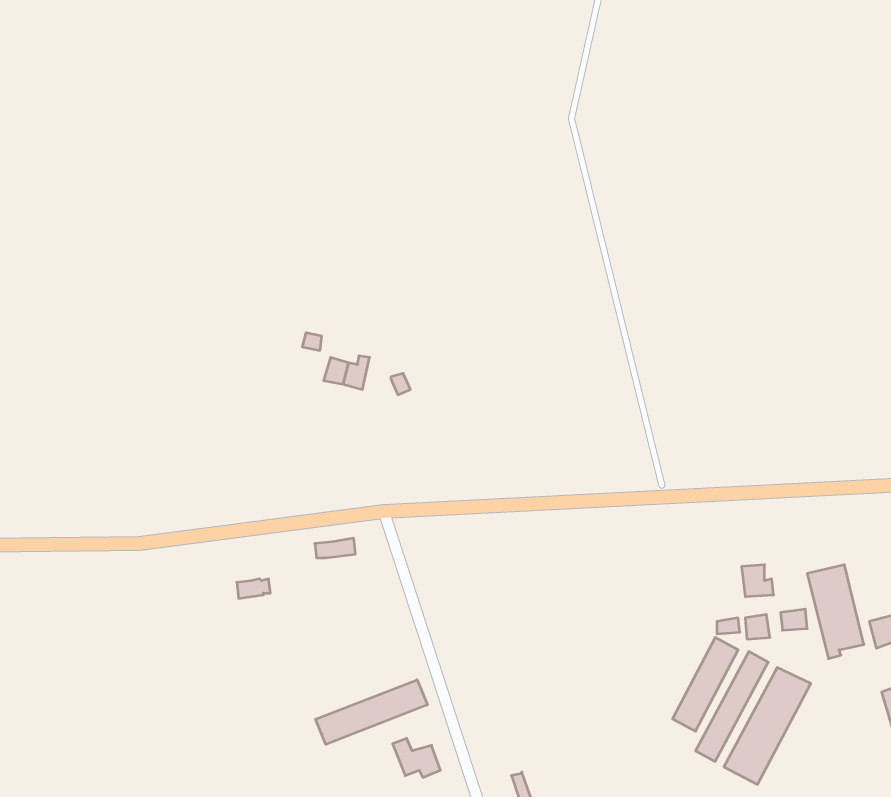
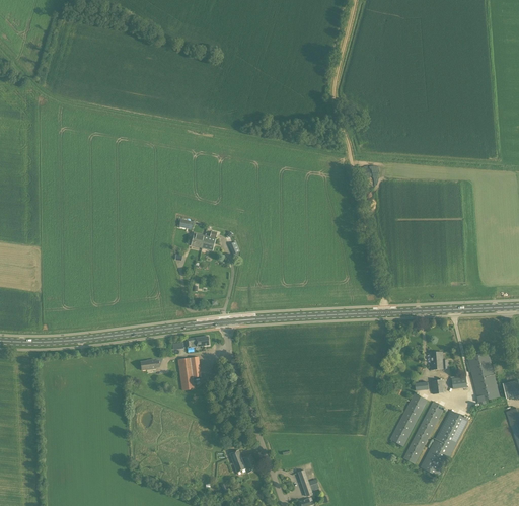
building: none -> [177,356,200,389]
building: [316,680,427,744] -> none

